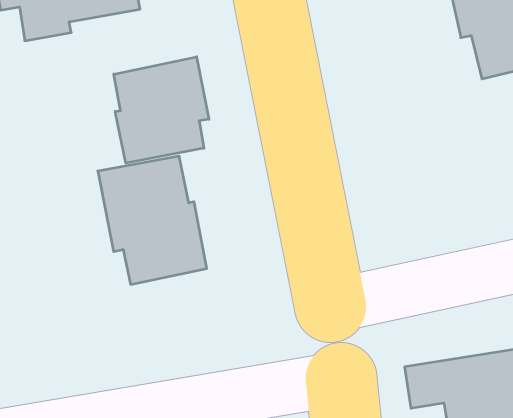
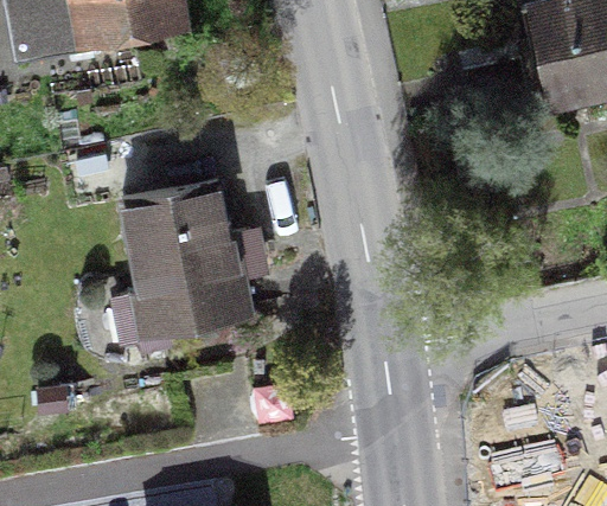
building: [114,57,209,163] -> none

